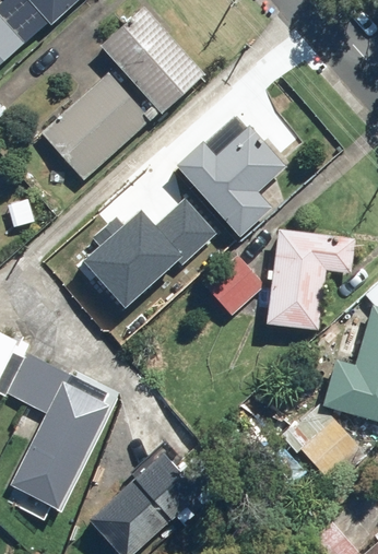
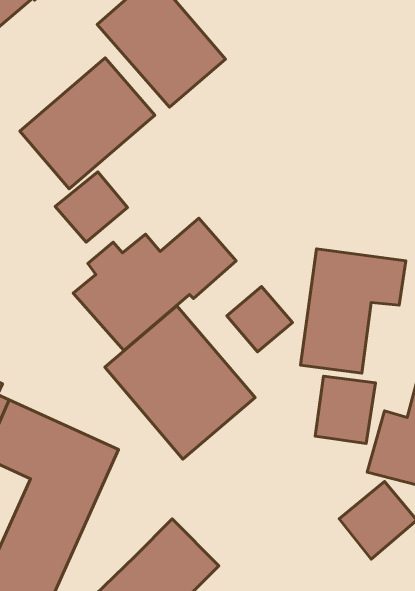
building: [176,125,288,238] -> none
building: none -> [55,172,128,242]
building: none -> [105,306,255,459]
building: none -> [315,376,376,443]

